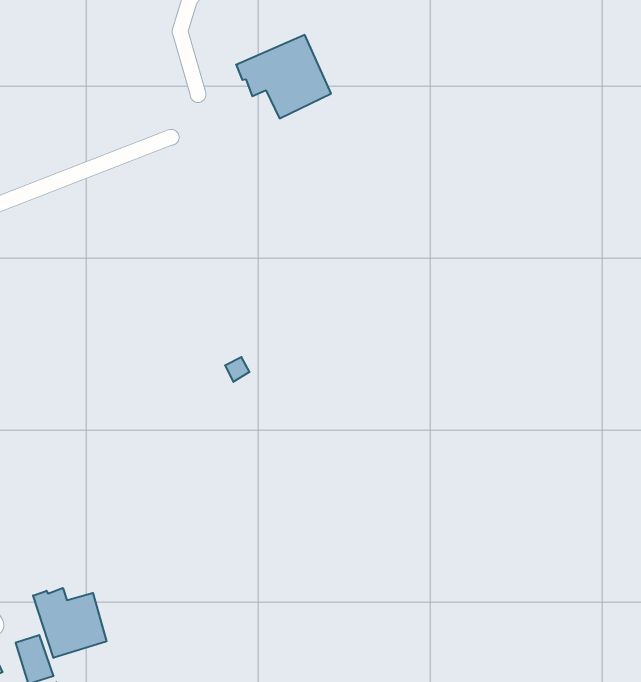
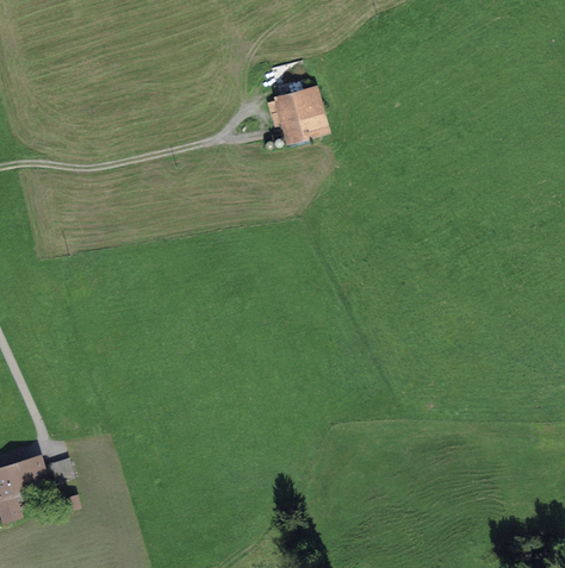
building: [33,588,107,658] -> none

